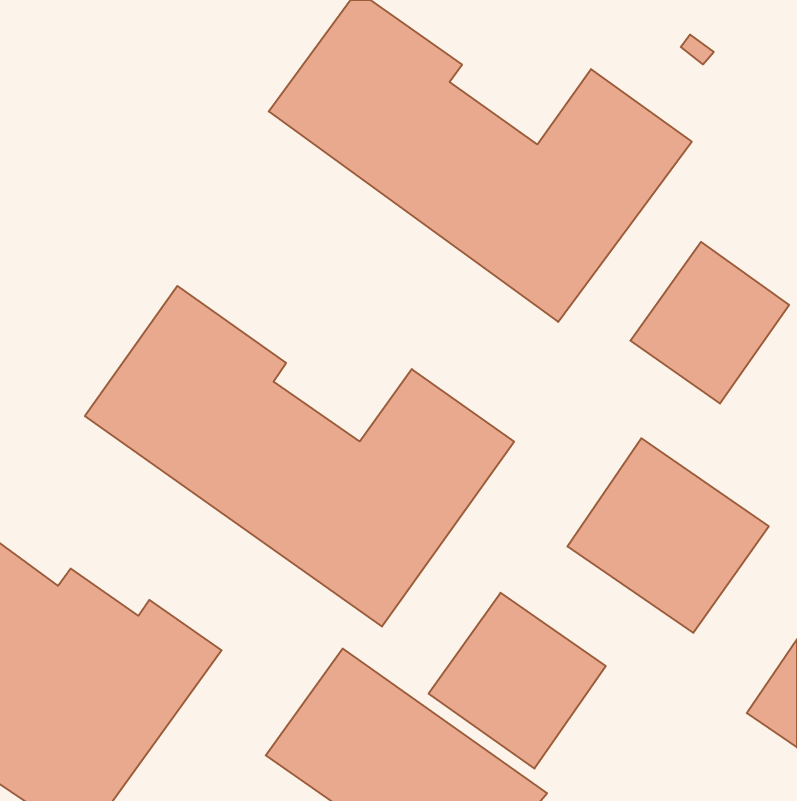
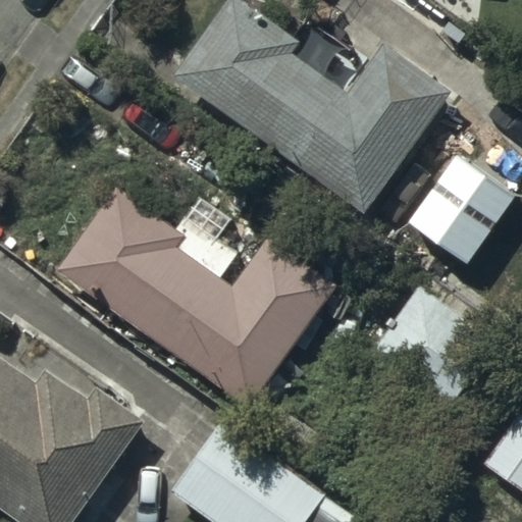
building: [429,593,606,769] -> none

